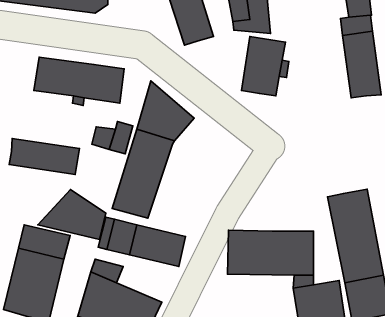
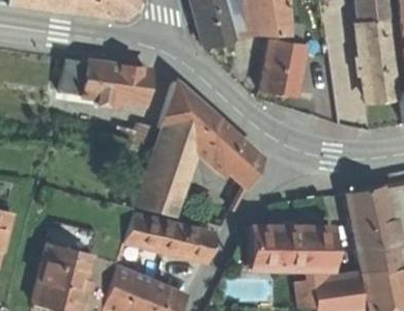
building: none -> [196,118,260,187]
building: [9,139,79,174] -> none
building: [38,189,106,240] -> none

